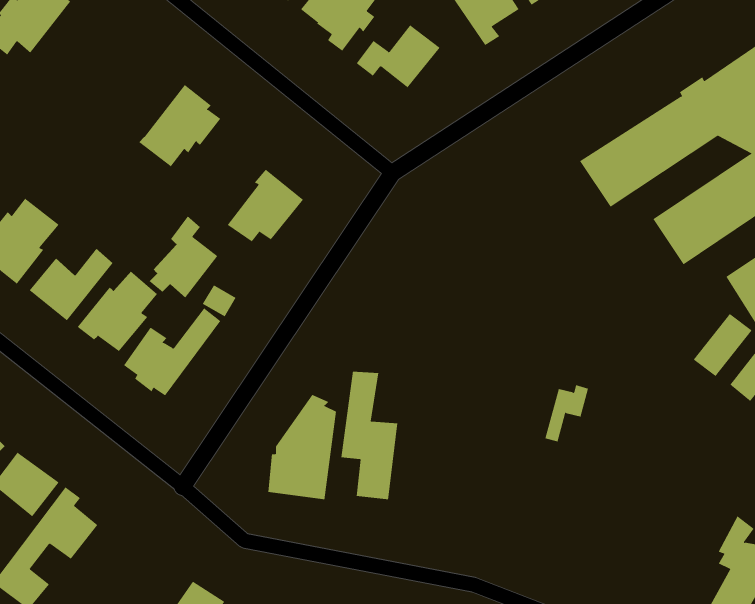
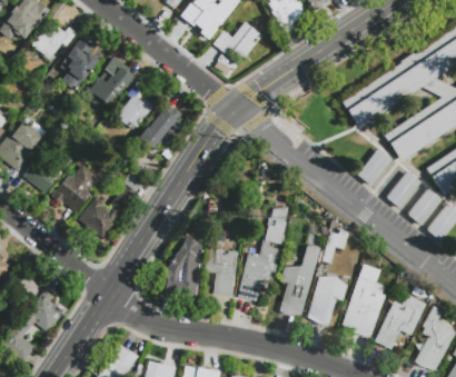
building: none -> [31,20,77,58]
building: none -> [58,36,99,91]
building: [149,216,218,298] -> [116,80,156,128]
building: none -> [358,148,391,183]
building: none -> [388,171,420,207]
building: none -> [239,206,289,299]
building: none -> [280,245,321,314]
building: none -> [344,262,385,336]
building: none -> [308,276,347,324]
building: none -> [375,295,426,349]

